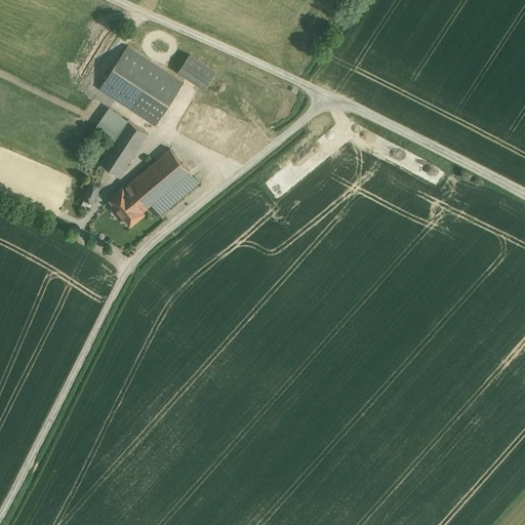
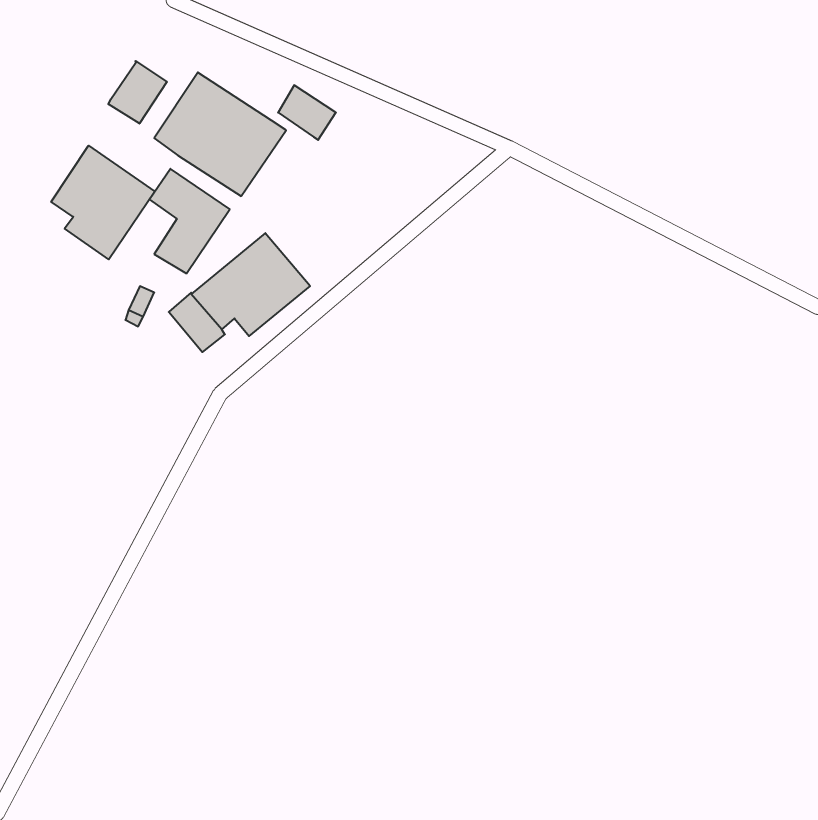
building: none -> [108,61,167,124]
building: none -> [51,146,155,259]

